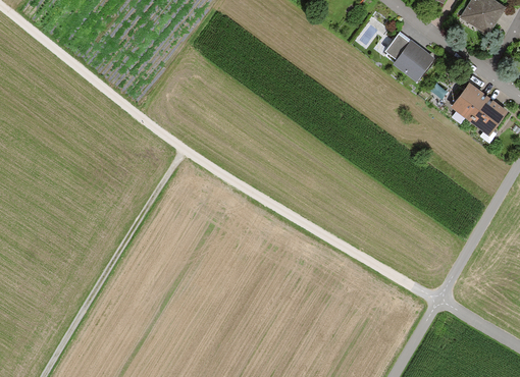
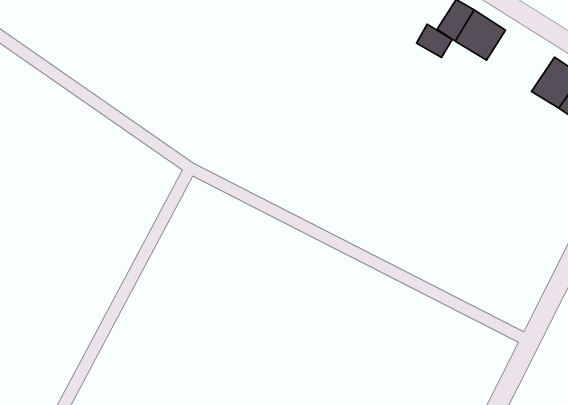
building: none -> [417,24,452,57]

